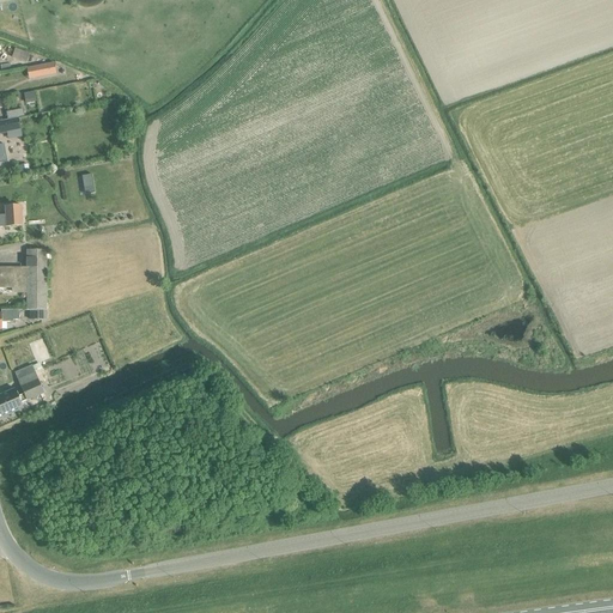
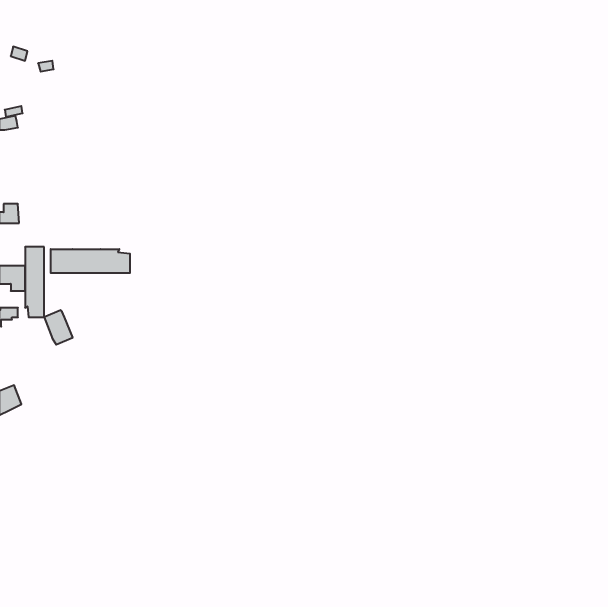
building: none -> [51,249,130,273]
building: [13,364,42,399] -> [44,310,73,345]

